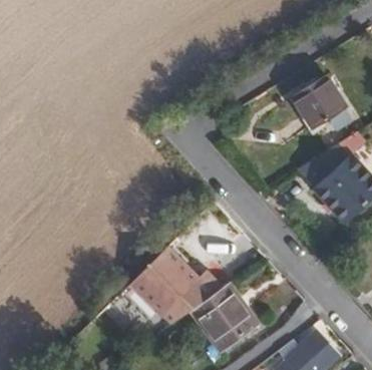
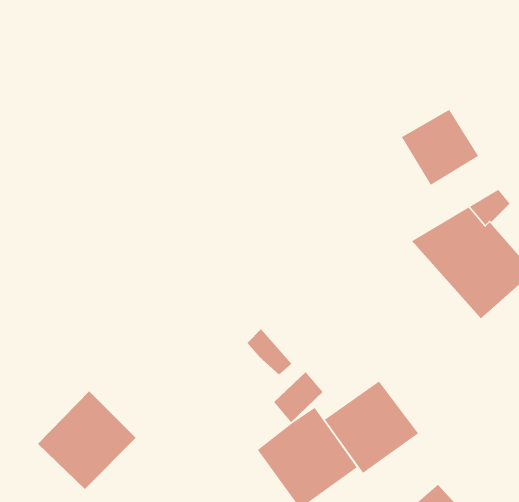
building: [133,247,201,314] -> [37,390,137,490]
building: none -> [324,381,419,474]

